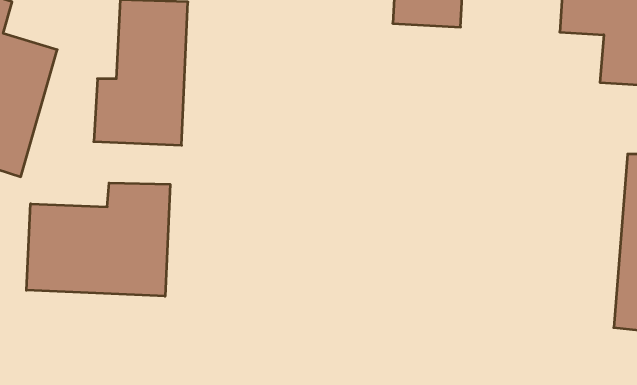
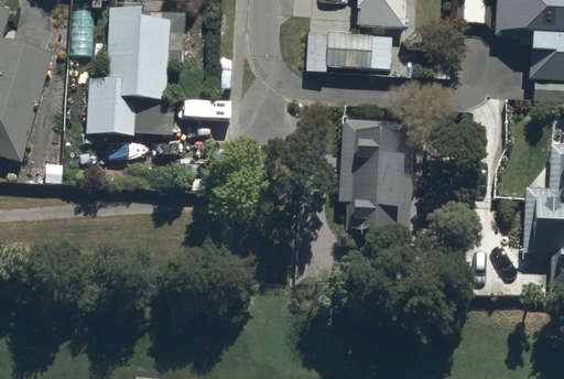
building: none -> [305,40,391,80]
building: none -> [341,119,420,234]
building: [26,183,170,296] -> none

